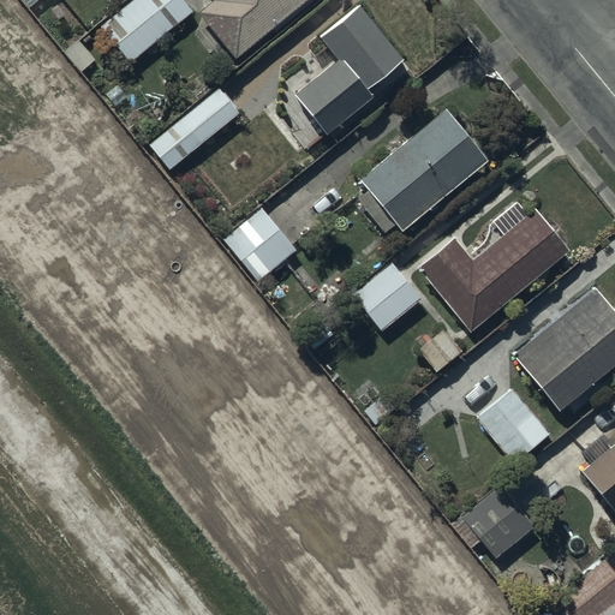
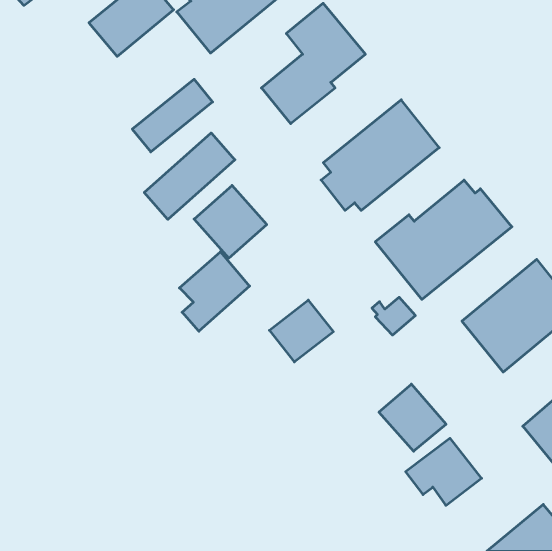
building: none -> [144,133,235,219]
building: [353,262,424,330] -> [269,300,333,362]
building: none -> [179,252,250,331]
building: [477,388,551,462] -> [379,384,446,451]

